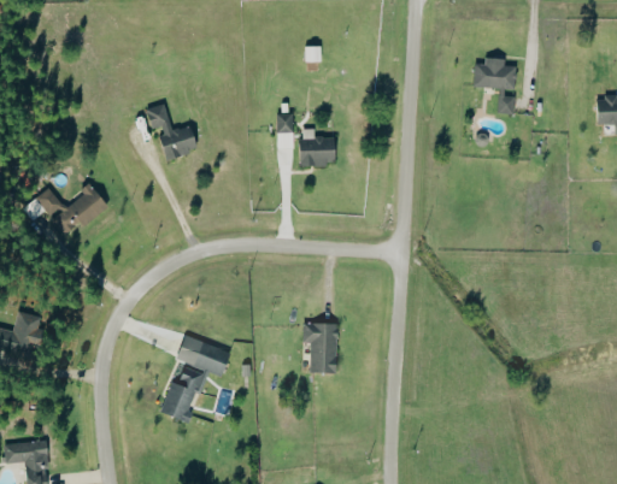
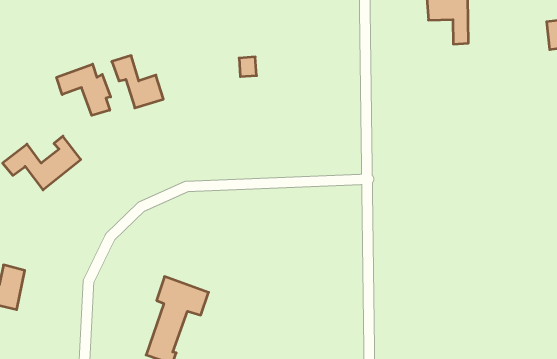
building: none -> [57,64,111,115]
building: [296,129,335,165] -> none
building: [302,323,336,373] -> none

